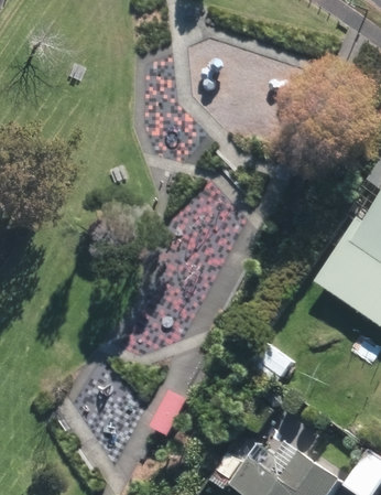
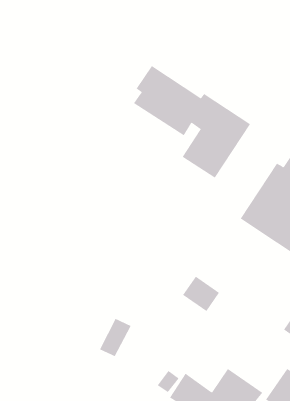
building: none -> [133,65,251,178]

